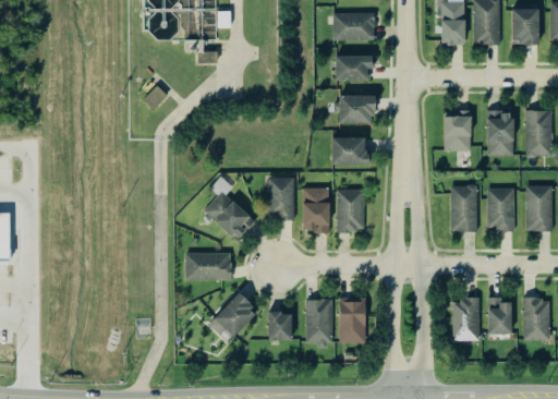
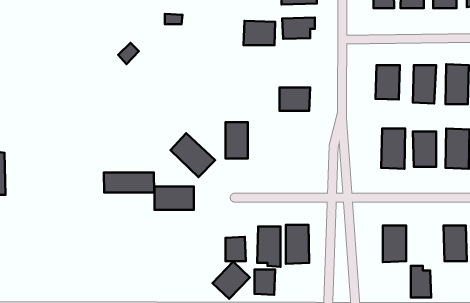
building: [338,95,375,123] -> [244,21,275,45]
building: [302,188,330,232] -> none
building: [337,190,365,232] -> none
building: none -> [104,173,154,193]
building: [214,293,257,337] -> [213,262,250,299]
building: [488,298,512,335] -> [411,266,431,298]
building: none -> [255,269,275,295]

